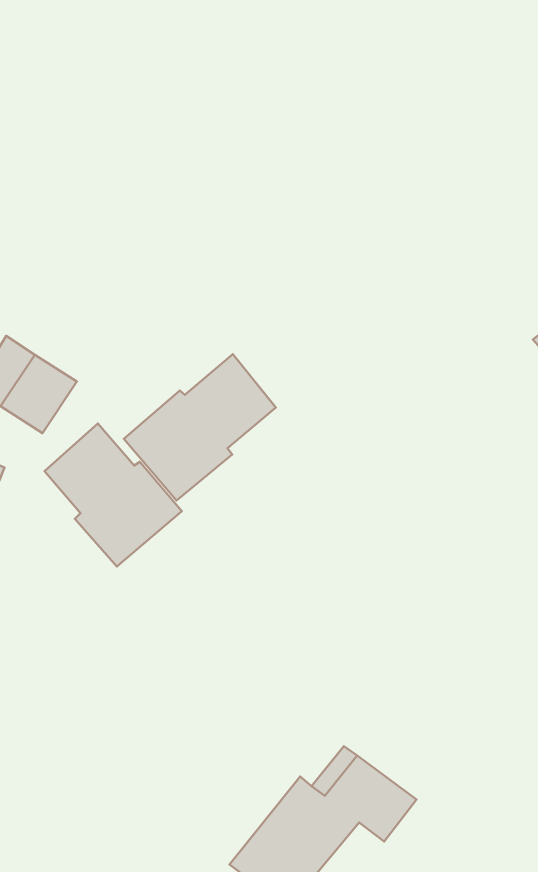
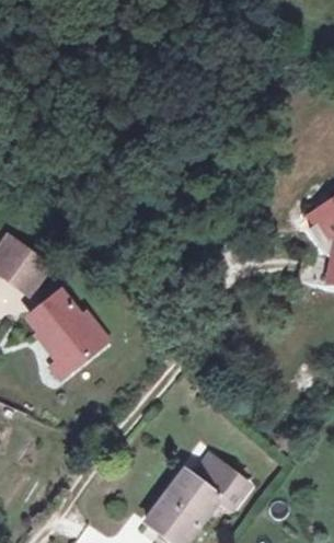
building: [124,354,276,501] -> none

